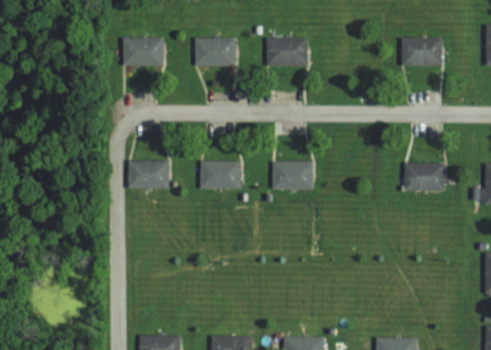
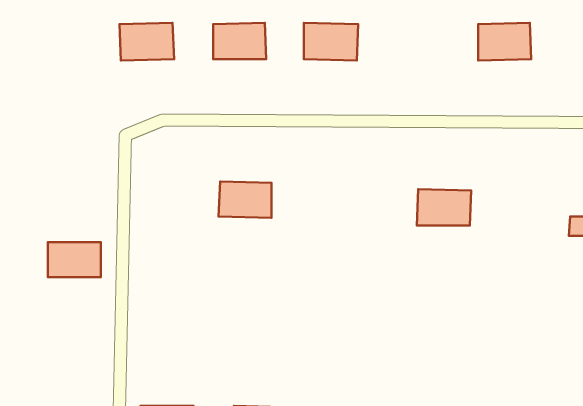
building: [128,161,169,188] -> [48,242,101,277]
building: [272,161,313,190] -> none
building: [403,162,445,190] -> [417,189,471,225]

